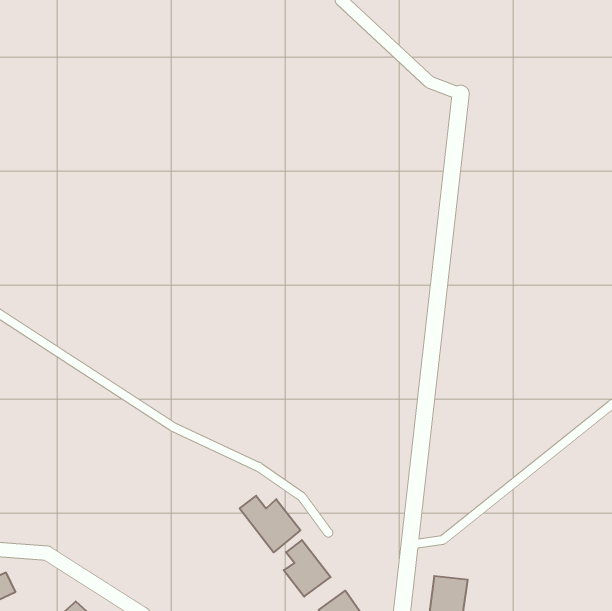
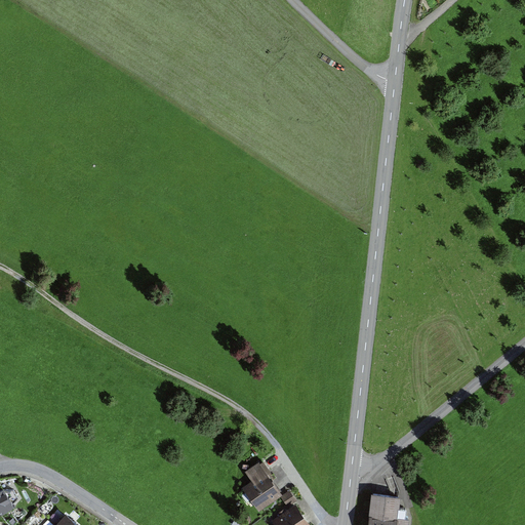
building: [240,496,300,552] -> none

